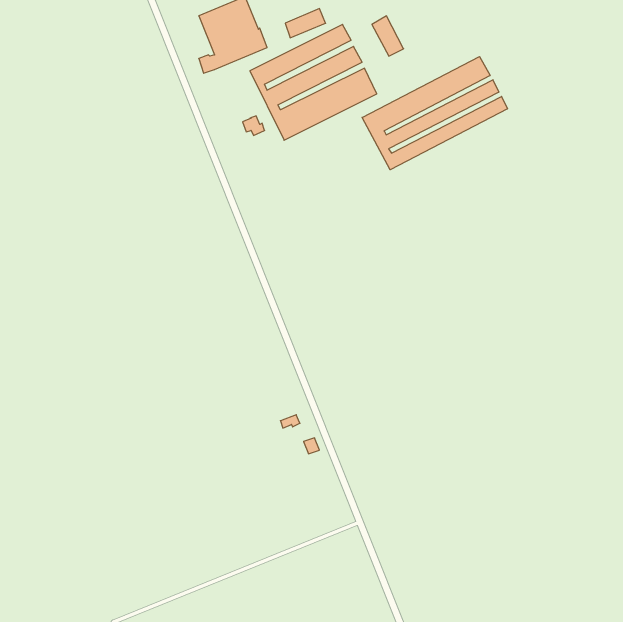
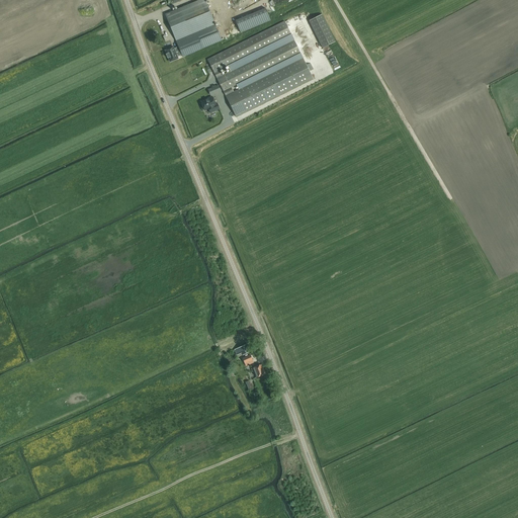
building: [362,57,507,170] -> none

